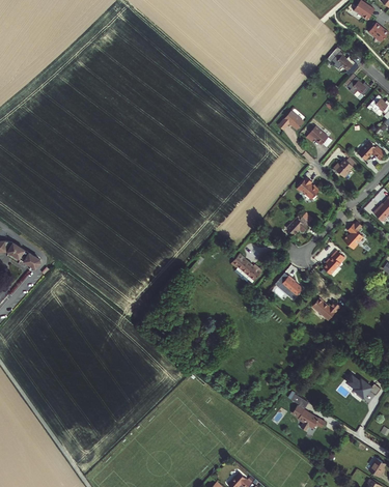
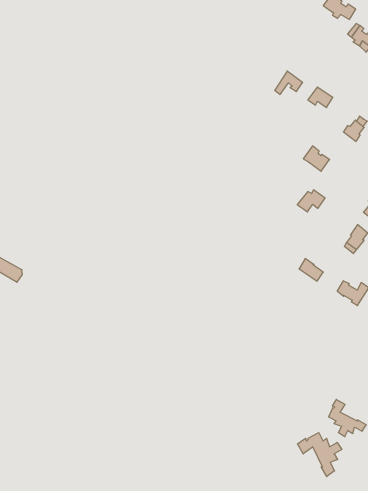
building: [232,253,261,282] -> none
building: none -> [298,433,342,477]

